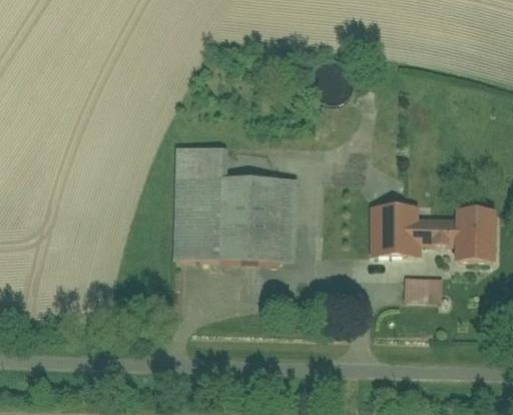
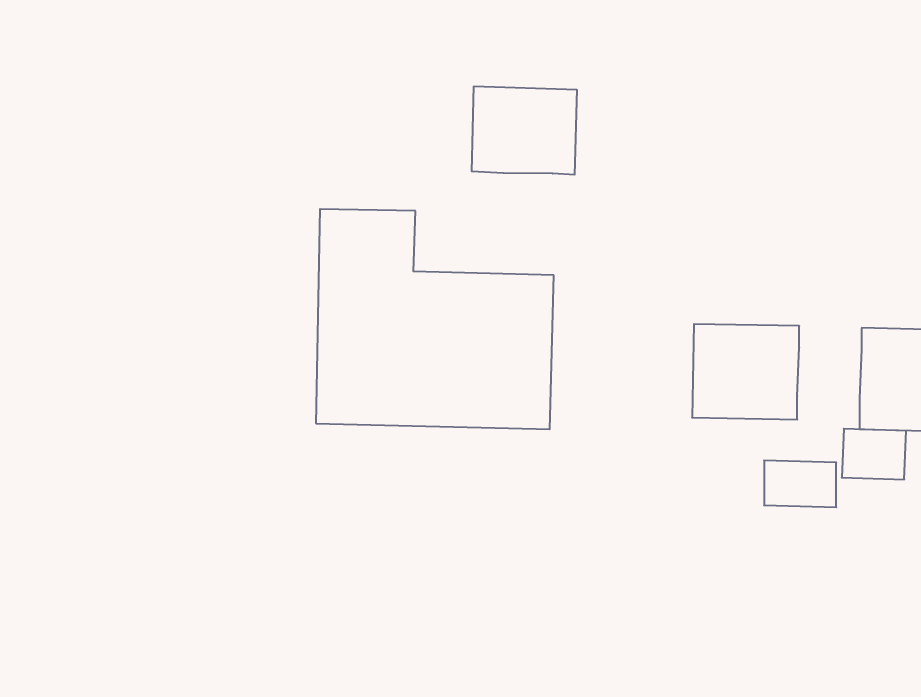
building: none -> [472,86,577,175]
building: [422,218,455,244] -> [842,429,906,479]

